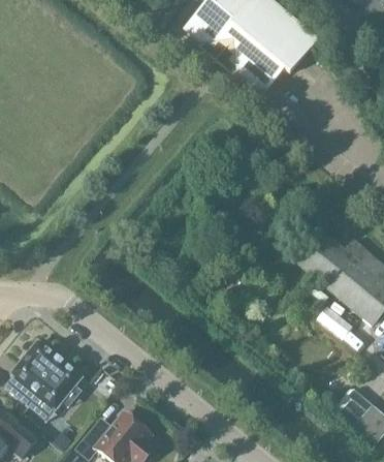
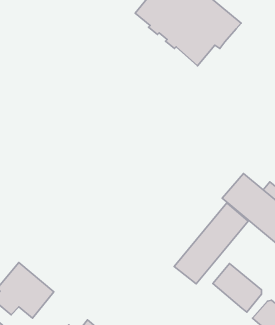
building: none -> [174,203,248,284]
building: none -> [213,263,262,312]

